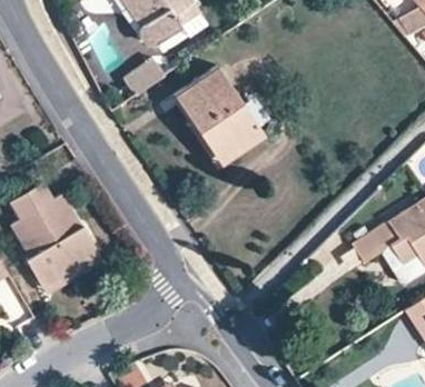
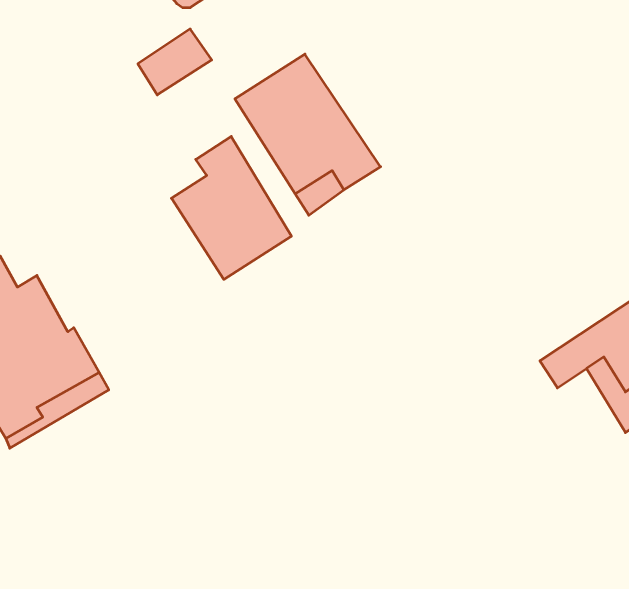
building: none -> [171,136,291,279]

